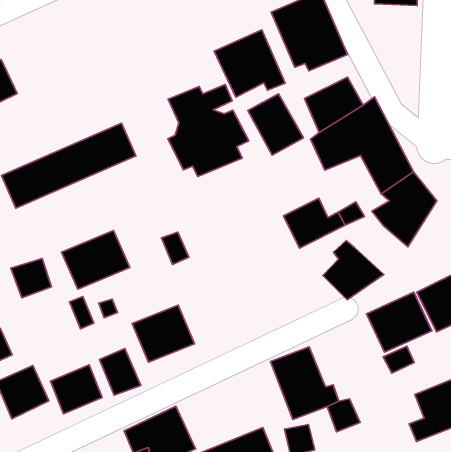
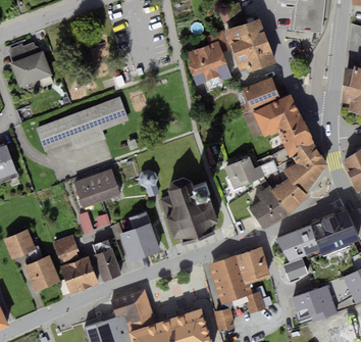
building: [168,85,249,176] -> [164,183,218,243]
building: [248,94,303,155] -> none
building: none -> [270,179,308,211]
building: [11,258,52,298] -> [53,237,80,262]
building: none -> [236,248,268,282]

